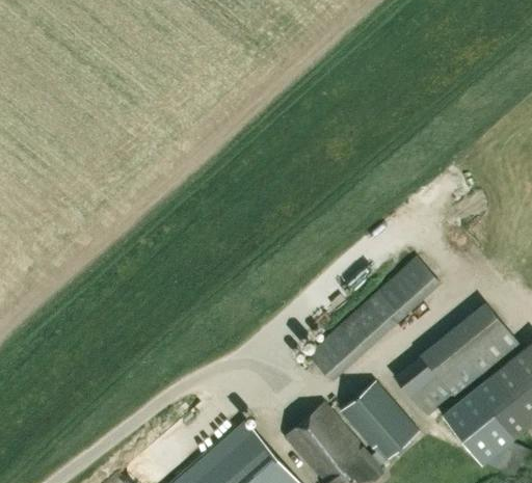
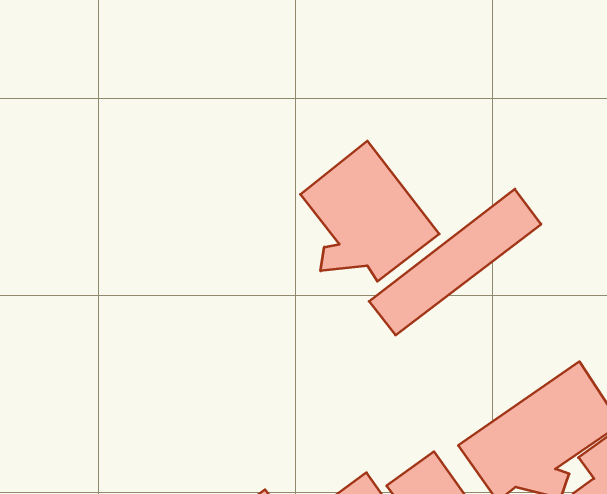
building: none -> [300,141,439,281]
building: [309,257,440,379] -> [369,189,541,335]

